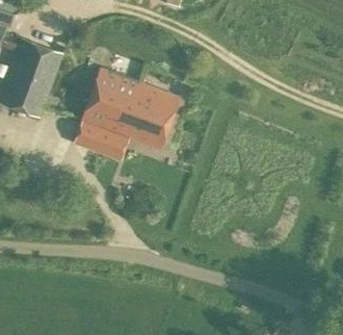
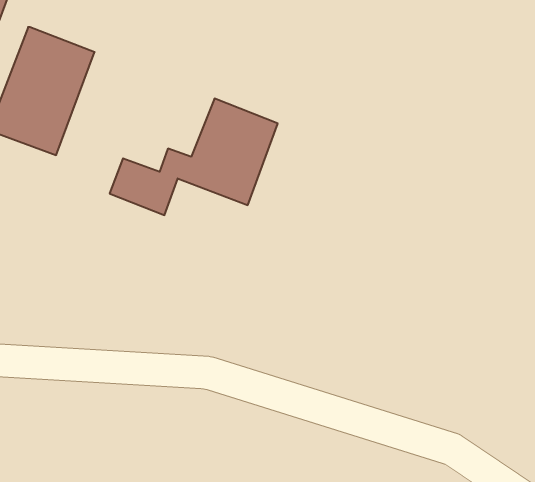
building: [80,71,137,130] -> none

